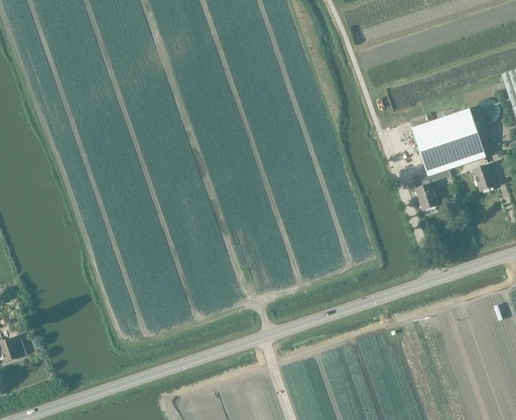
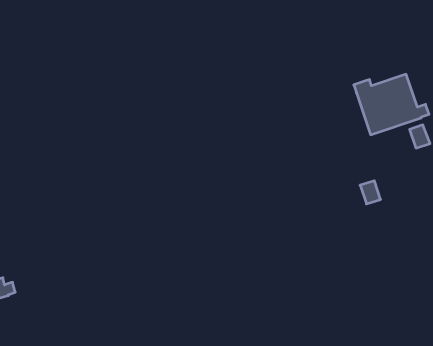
building: [416,184,439,211] -> [360,181,381,204]

